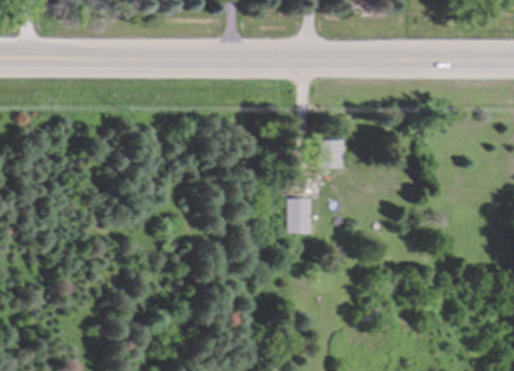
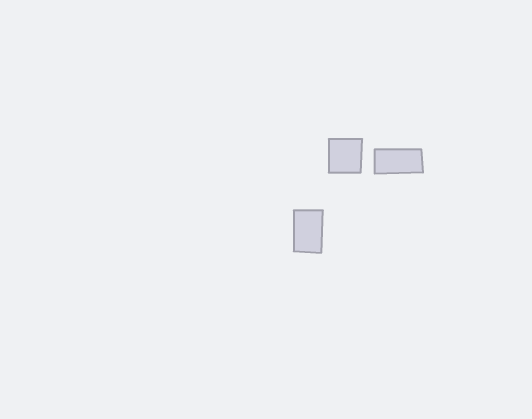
building: none -> [375,149,423,174]

